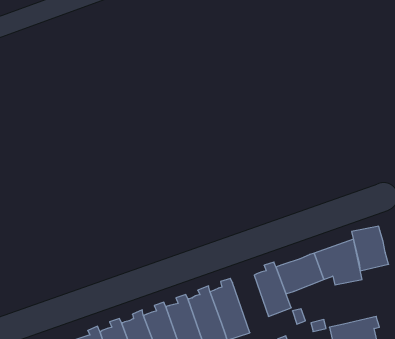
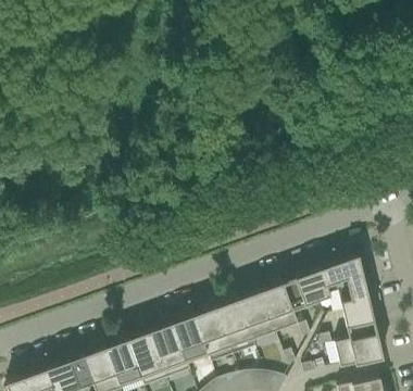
building: [352,226,389,271] -> [341,295,378,340]
building: none -> [239,286,275,340]

